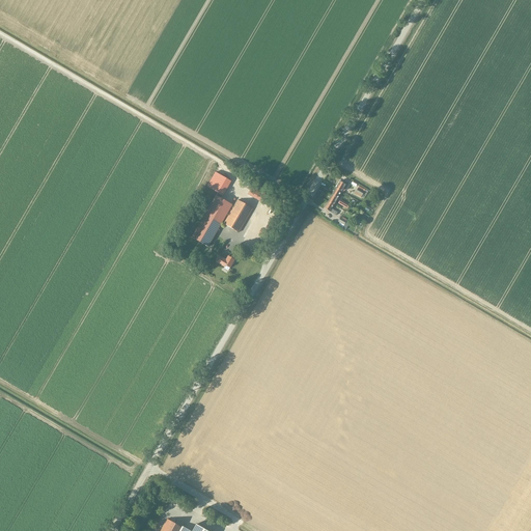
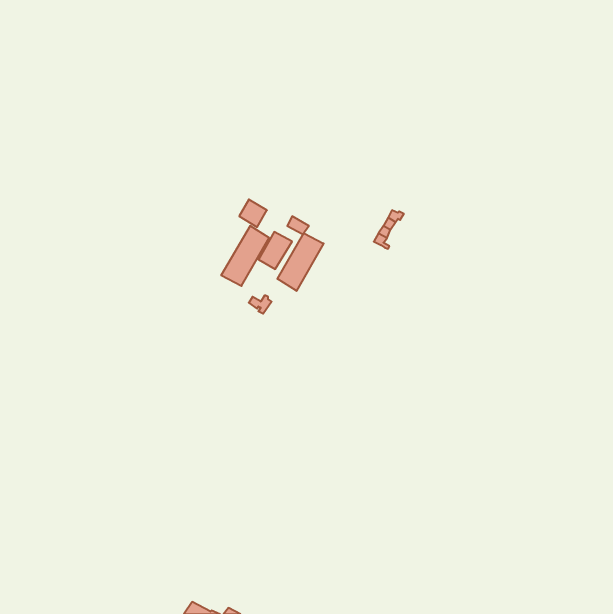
building: none -> [277,233,324,291]

